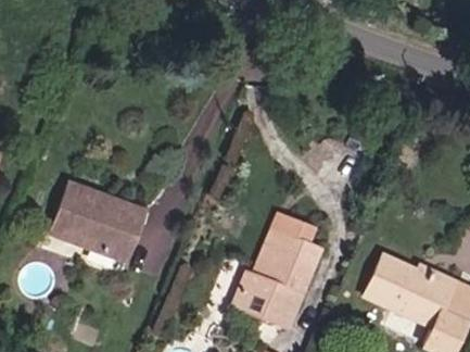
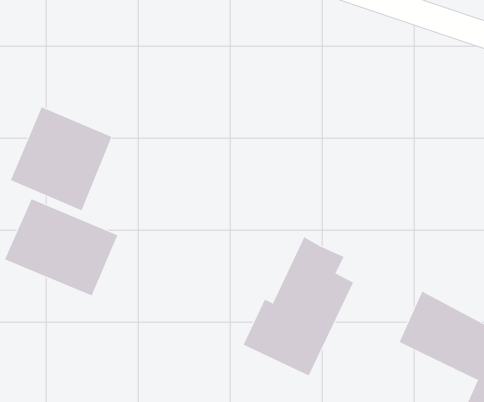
building: none -> [10,107,112,211]

